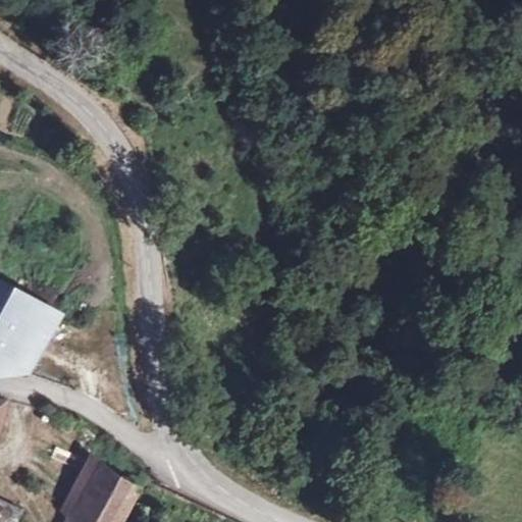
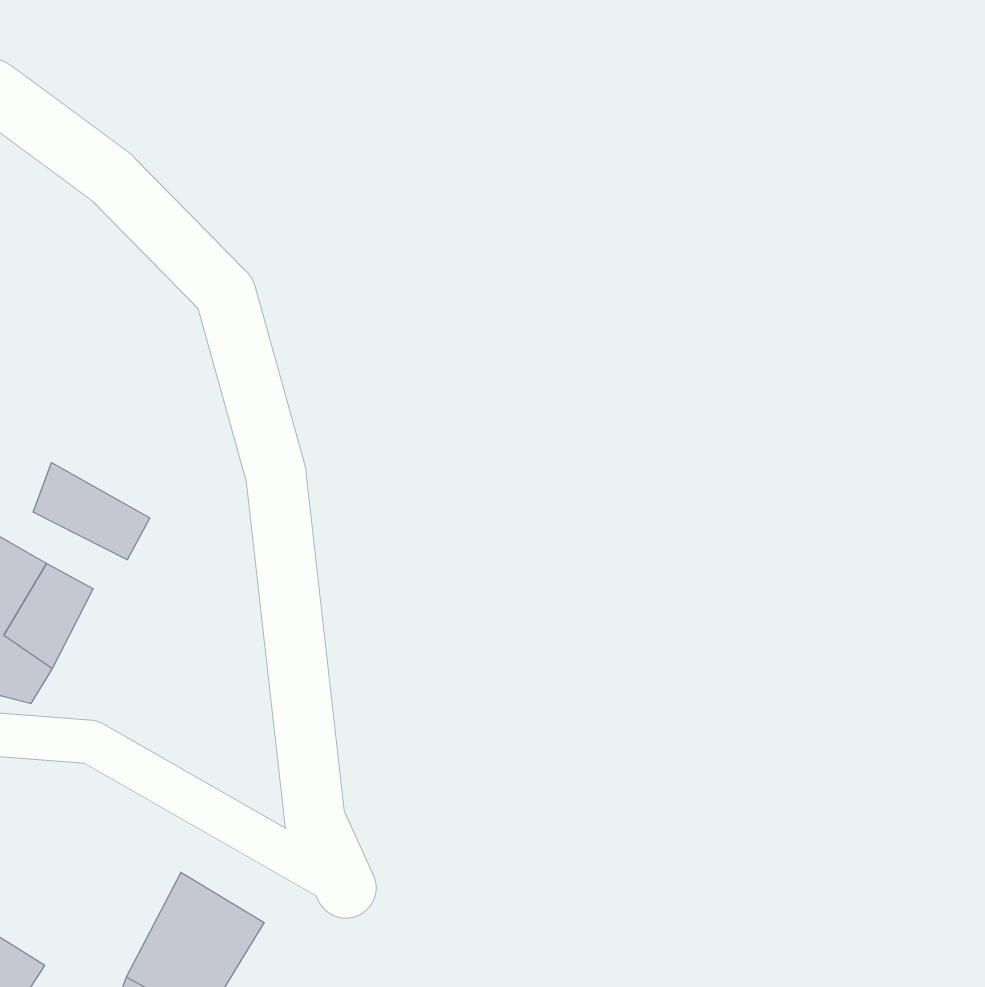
building: none -> [33,463,150,560]

